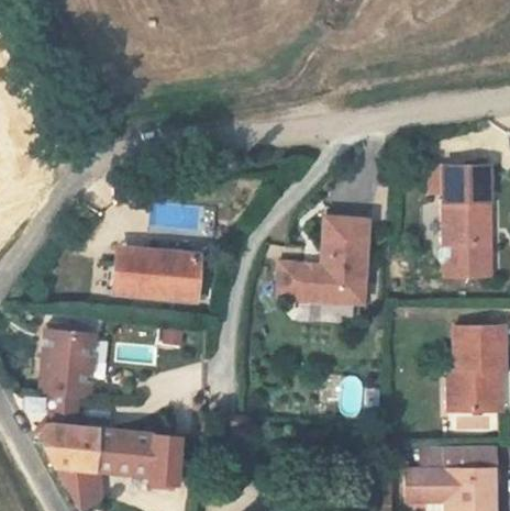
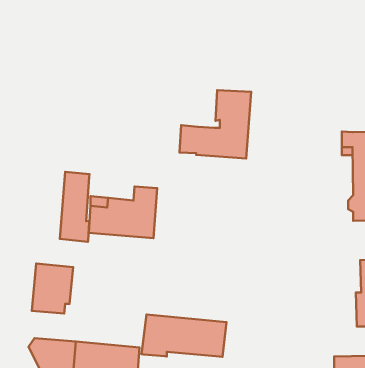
building: none -> [60,172,90,242]
building: [279,219,369,304] -> [180,90,251,159]
building: none -> [142,314,226,357]

